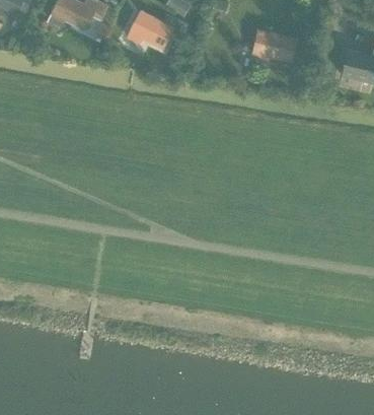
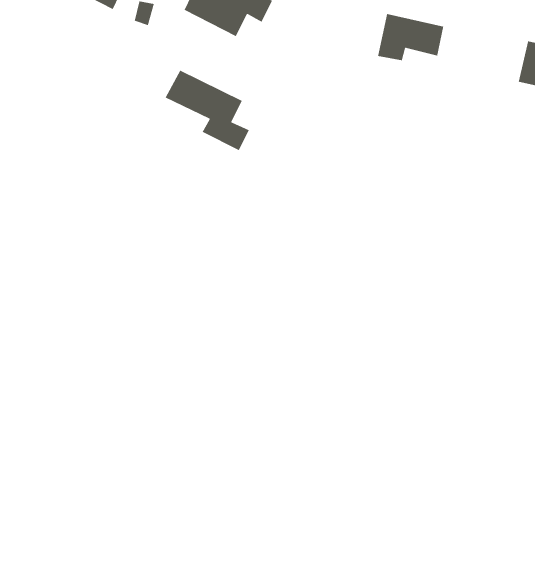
building: none -> [165,70,250,151]

